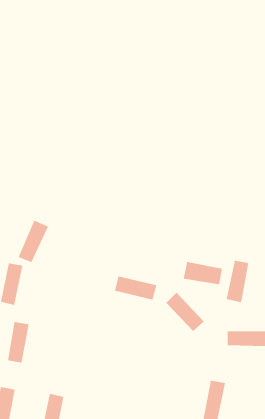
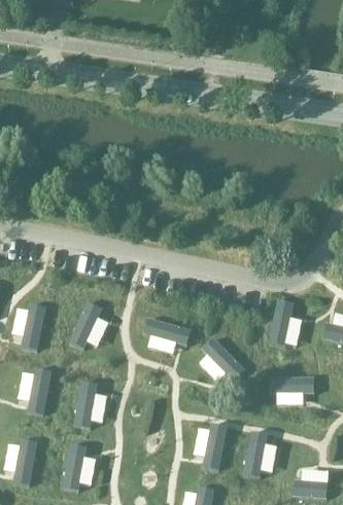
building: [18,220,49,263] -> [69,303,103,351]
building: [183,261,222,285] -> none
building: none -> [75,378,100,426]
building: none -> [202,422,227,469]

